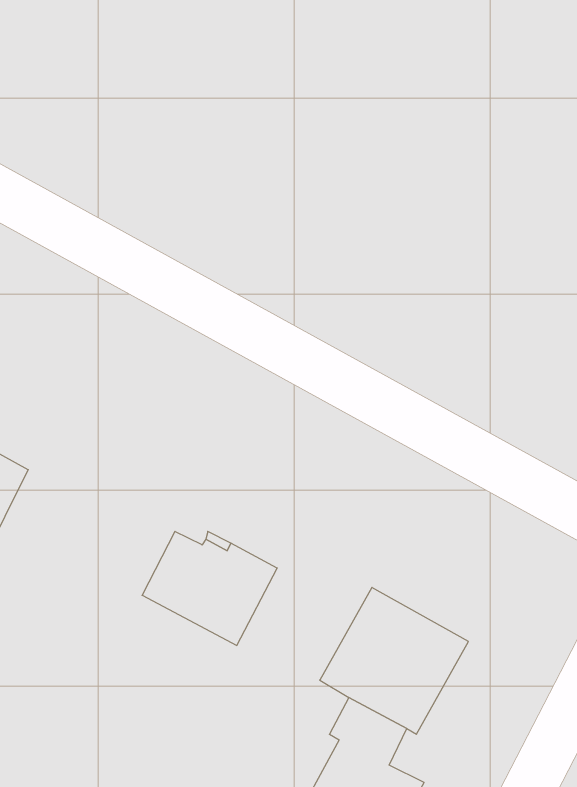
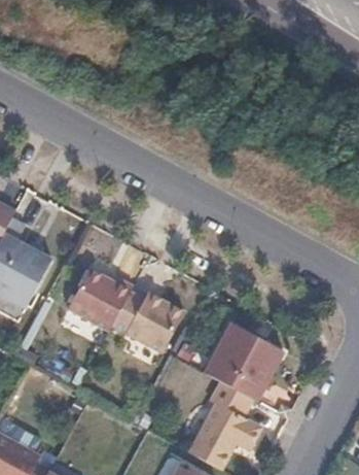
building: none -> [73,273,130,331]

